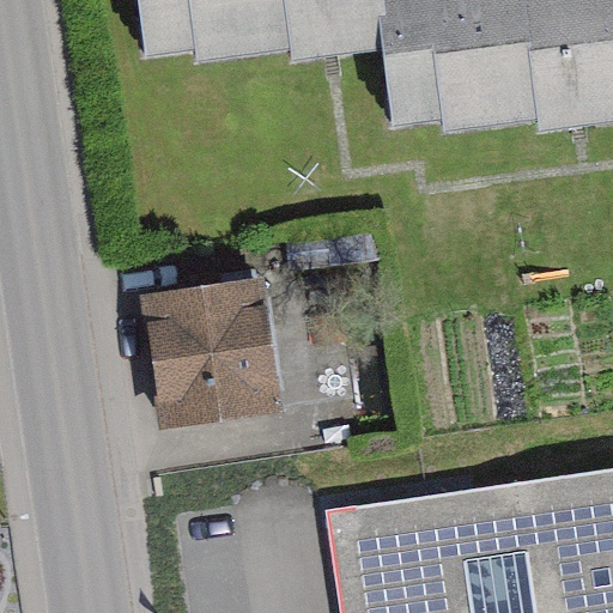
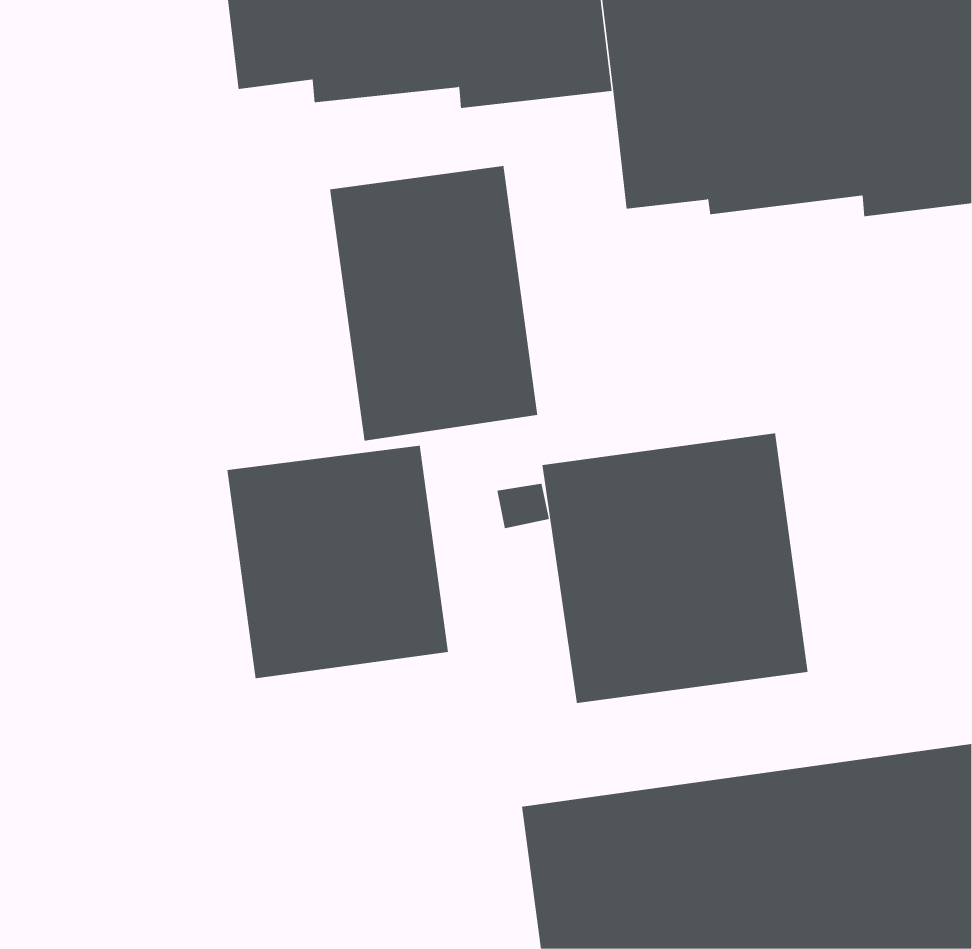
building: none -> [330,165,538,441]
building: none -> [542,433,808,704]

